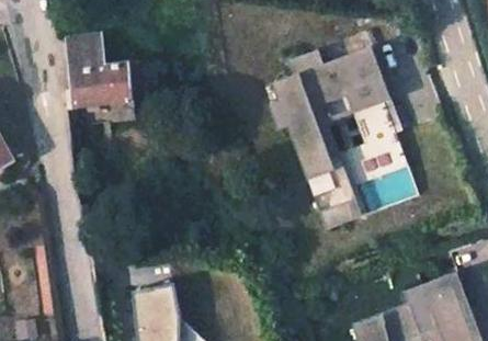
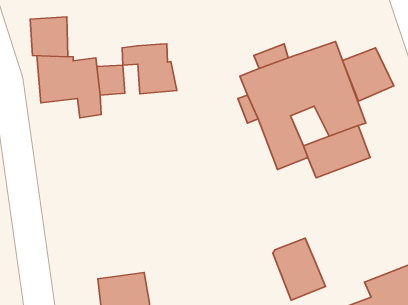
building: none -> [122,44,177,94]
building: none -> [343,48,394,101]
building: [311,164,365,228] -> [273,238,326,300]

